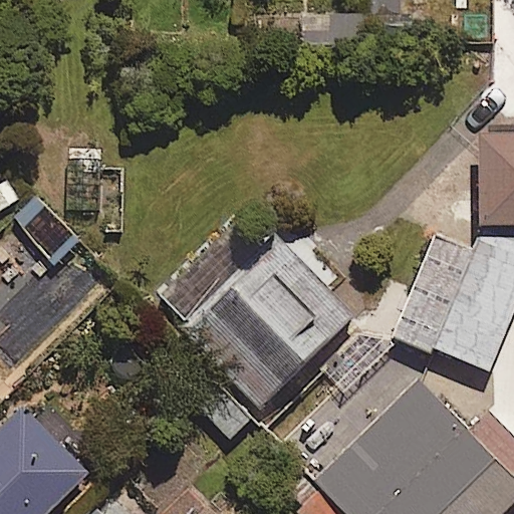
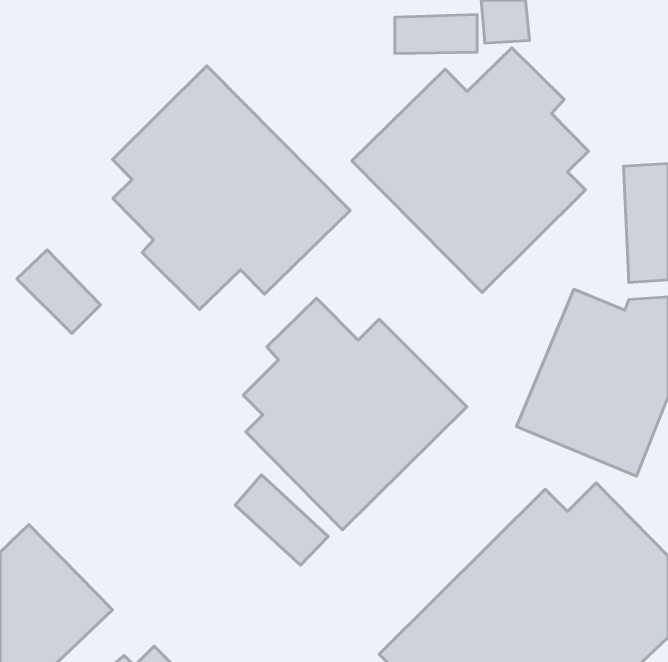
building: none -> [352,48,589,293]
building: none -> [112,66,350,310]

